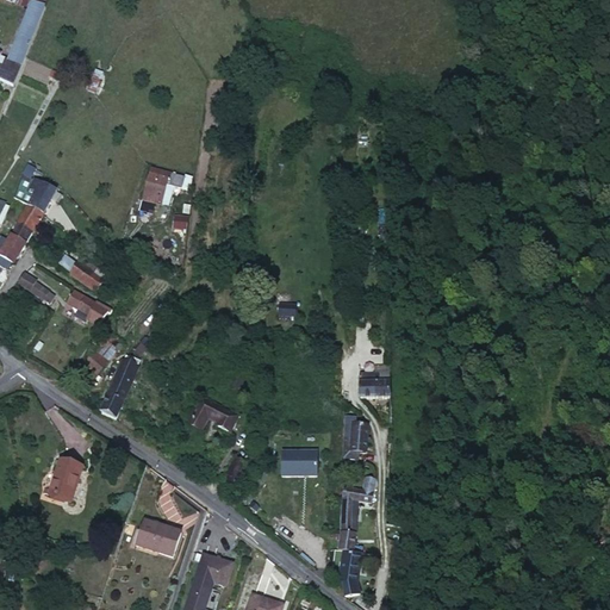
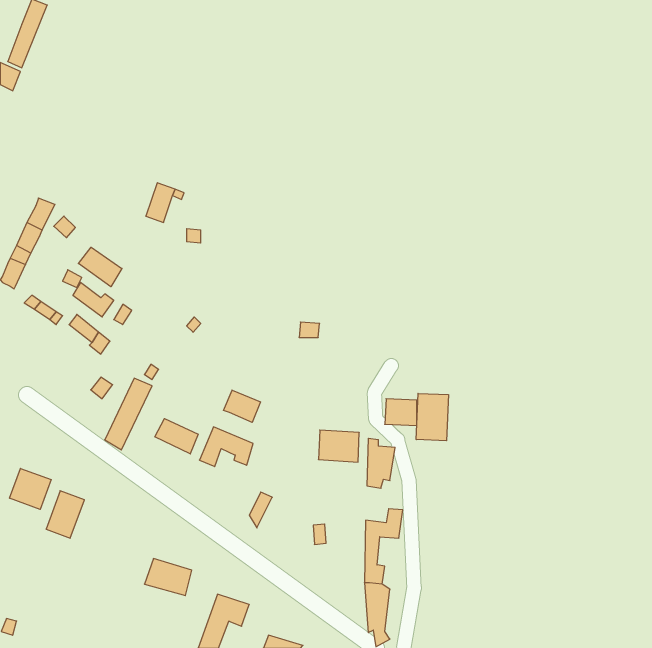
building: none -> [78,247,122,287]
building: none -> [224,390,260,422]
building: none -> [416,393,448,441]
building: none -> [155,419,198,454]
building: none -> [10,468,51,509]
building: [282,446,320,475] -> [318,430,359,462]

